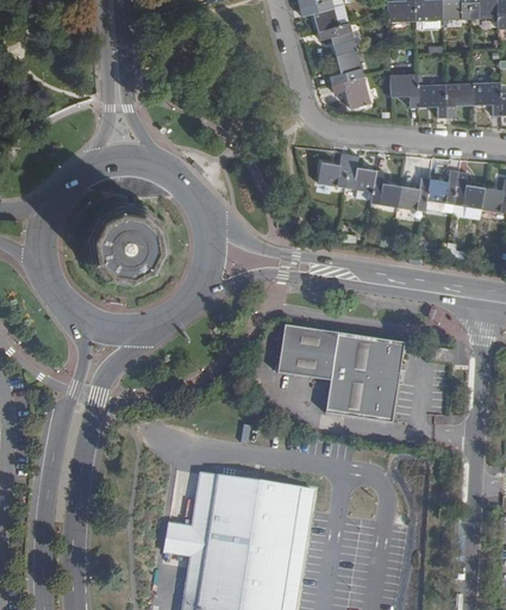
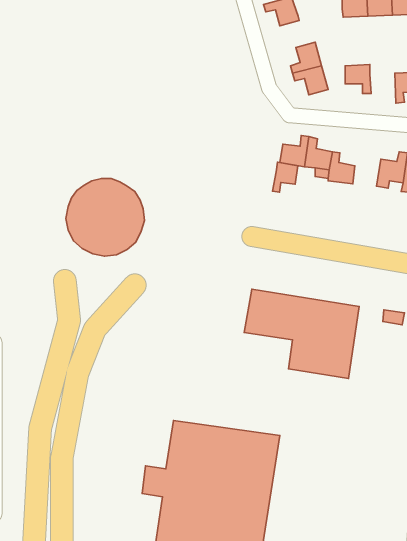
building: [317,24,356,56] -> none
building: [417,85,445,118] -> none
building: [398,179,429,212] -> none
building: none -> [272,162,298,192]

